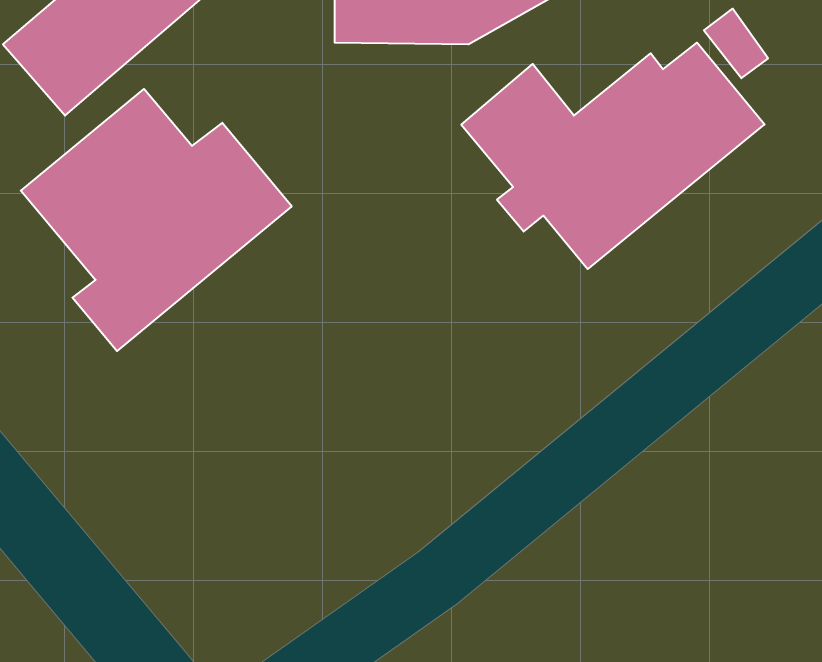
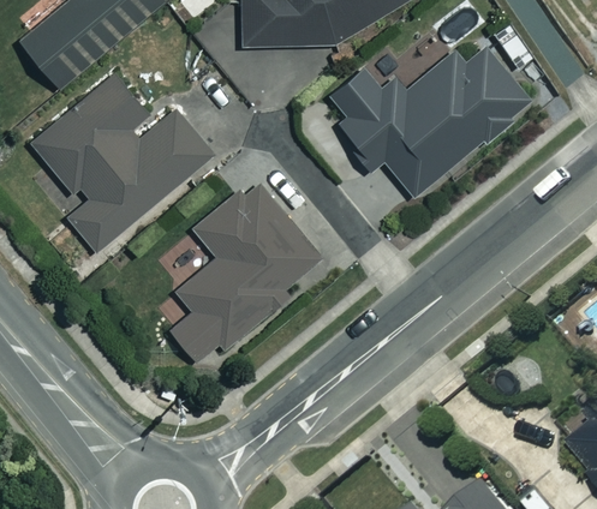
building: none -> [171,173,321,360]

